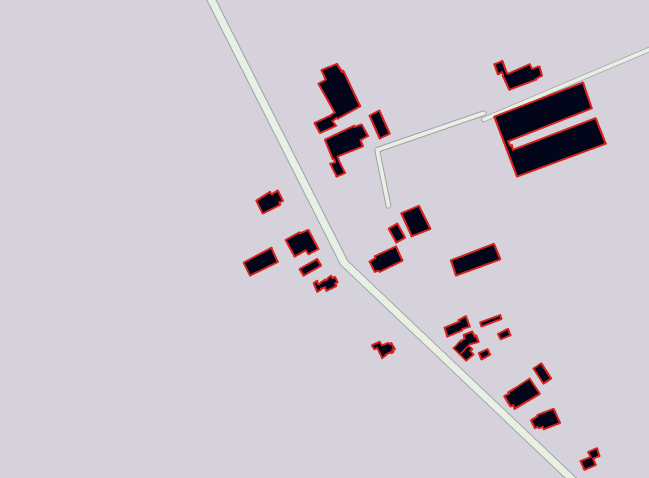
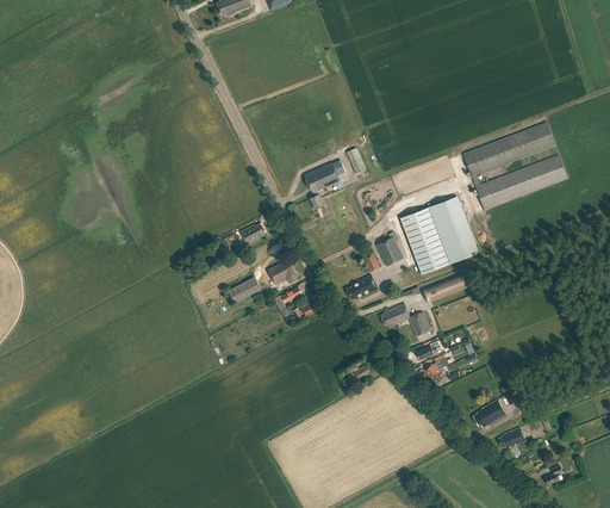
building: [494,61,542,90] -> none
building: [315,64,360,133] -> none
building: none -> [400,196,478,273]
building: none -> [380,302,431,335]

